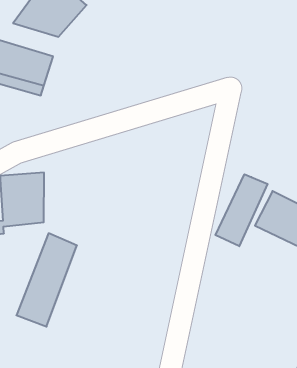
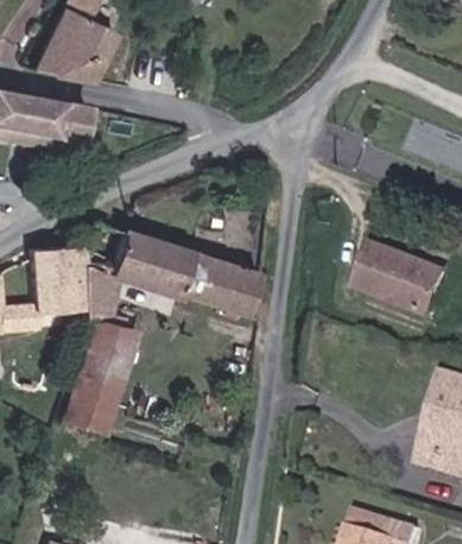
building: none -> [86,221,265,325]
building: [215,174,268,246] -> none

